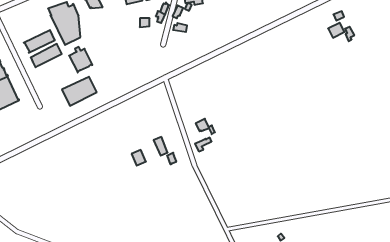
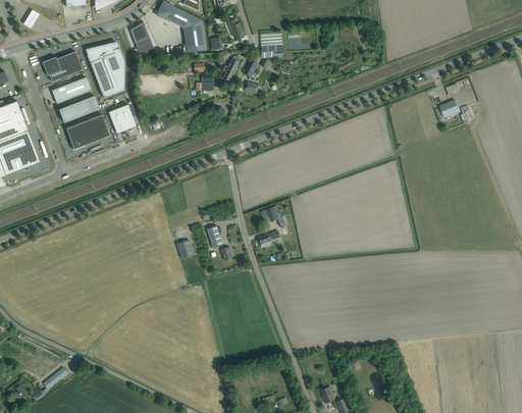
building: none -> [43,51,83,82]
building: [62,77,97,106] -> [66,114,110,149]

